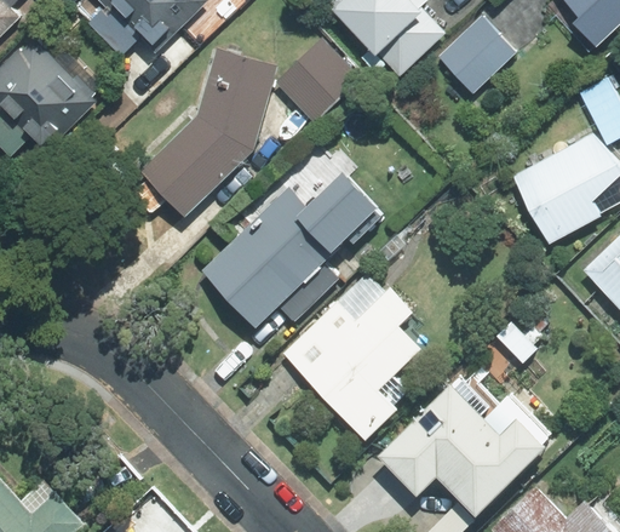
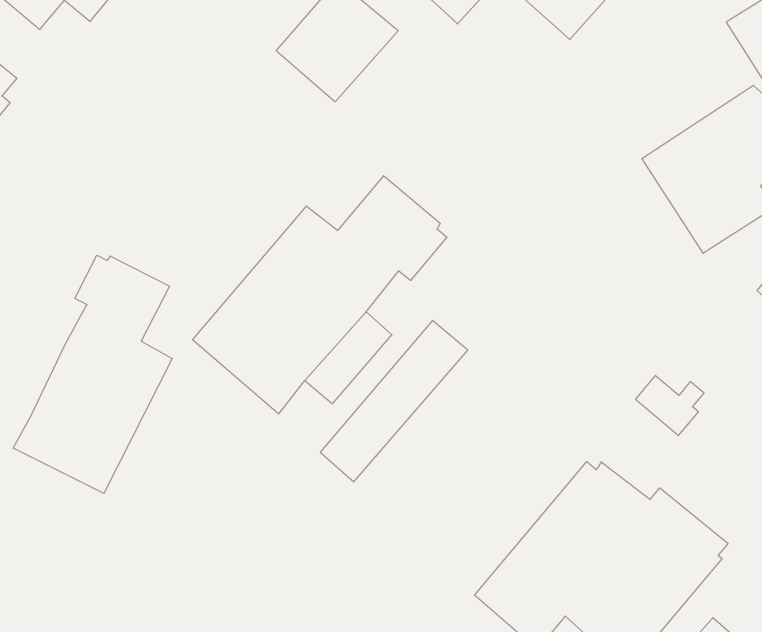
building: [140,48,276,216] -> none
building: none -> [13,255,172,493]
building: [303,290,420,439] -> none

